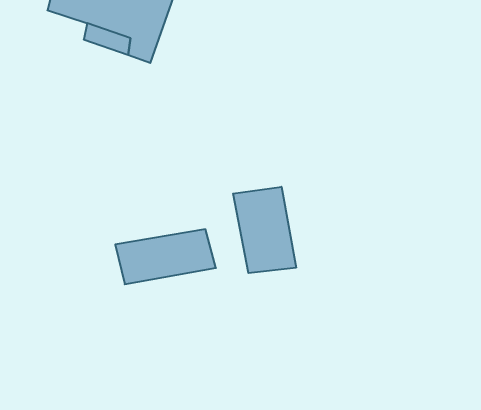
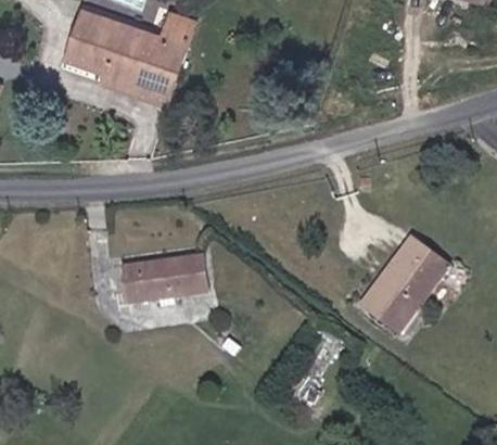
building: [233,187,296,273] -> none
building: none -> [361,239,448,336]

